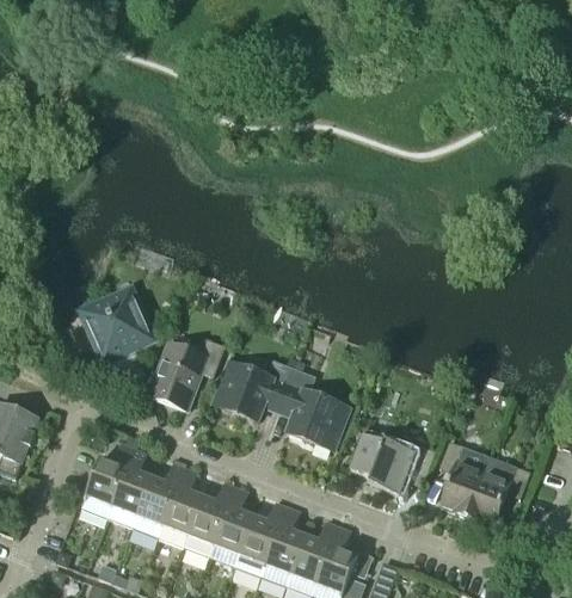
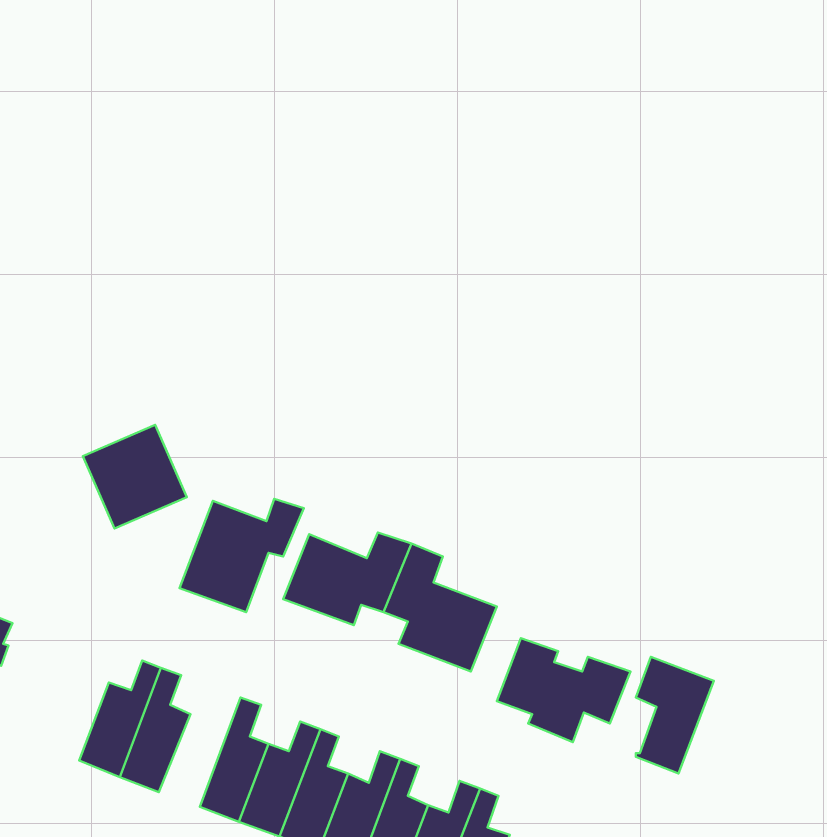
building: [467,455,530,525] -> none
building: [133,461,185,536] -> none

